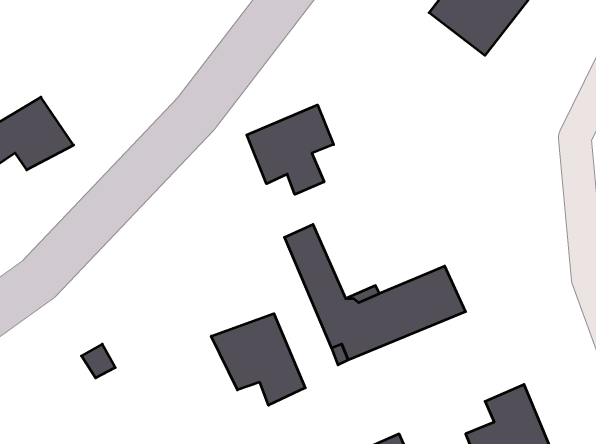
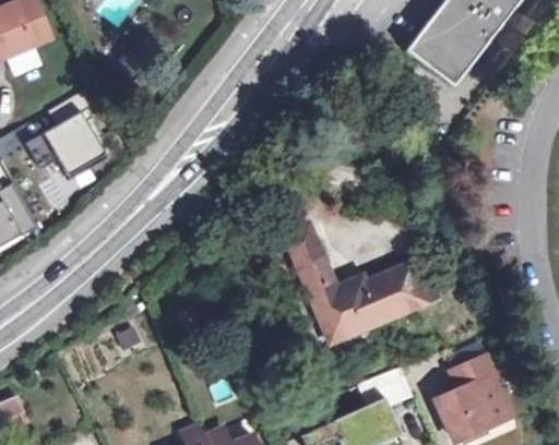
building: [247,105,334,194] -> none
building: [211,314,305,405] -> none

